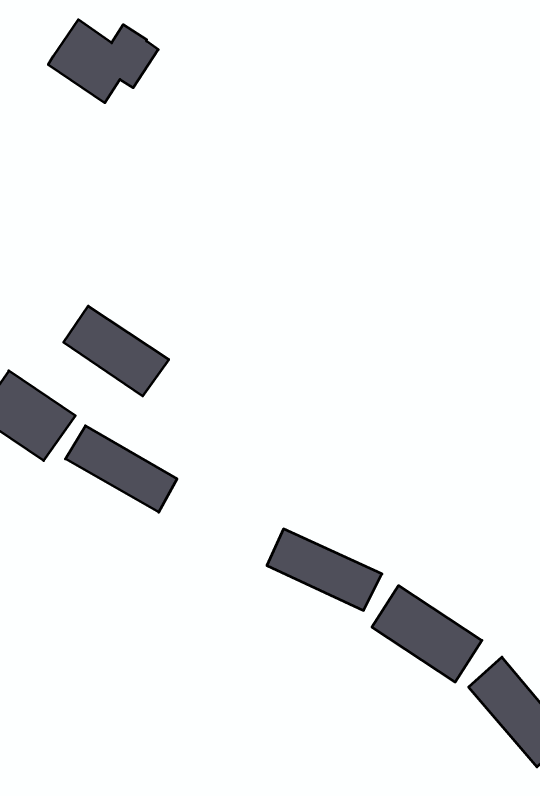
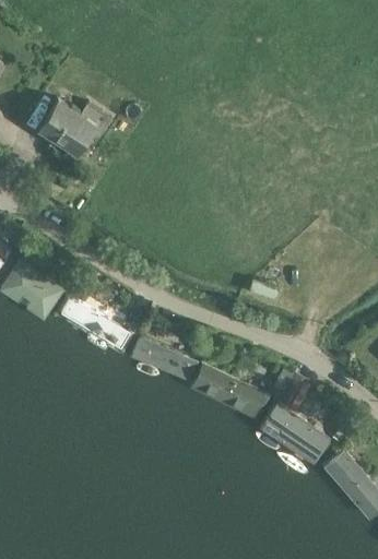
building: [48,20,158,103] -> [38,99,110,154]
building: [64,306,169,396] -> none
building: none -> [130,338,199,384]

